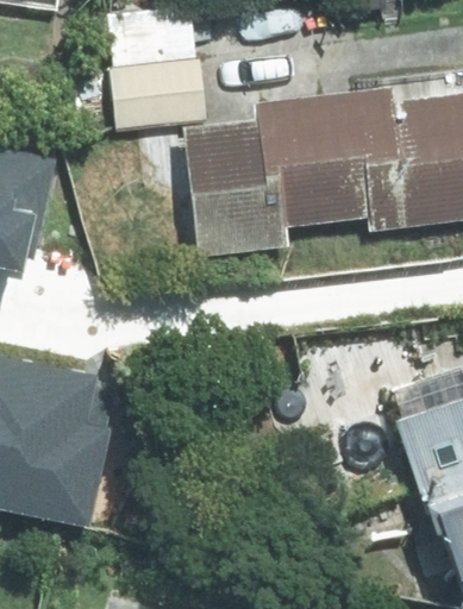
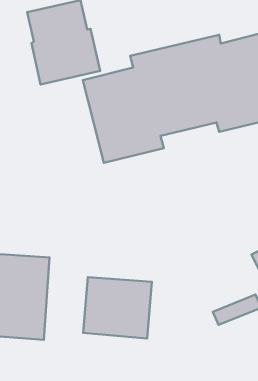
building: none -> [83,277,152,338]

